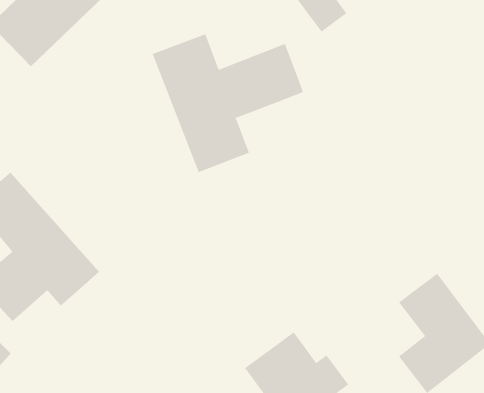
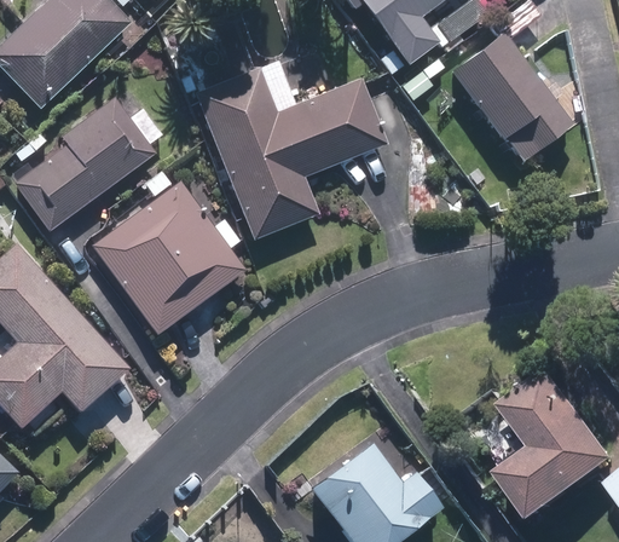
building: none -> [452,31,573,163]
building: none -> [10,97,157,233]
building: none -> [91,179,248,336]

